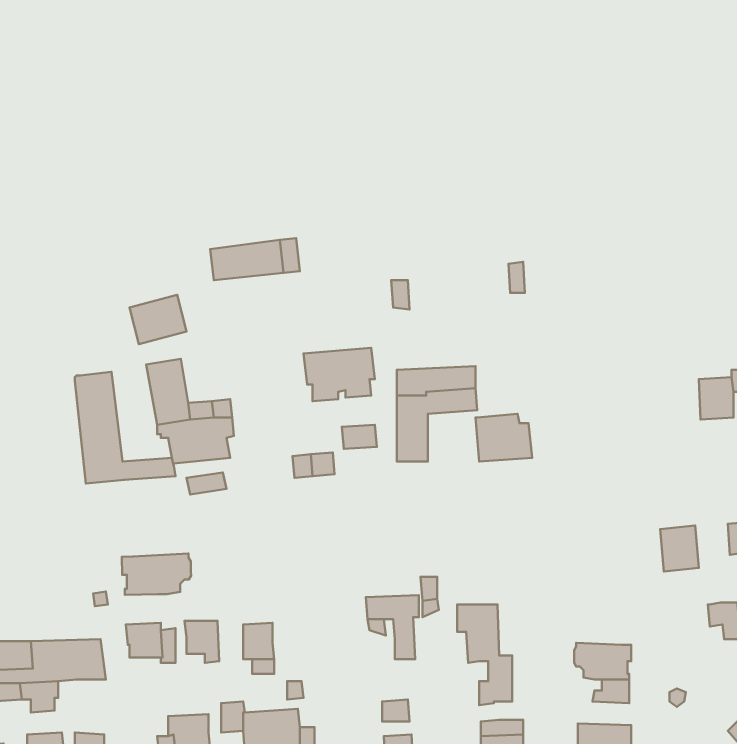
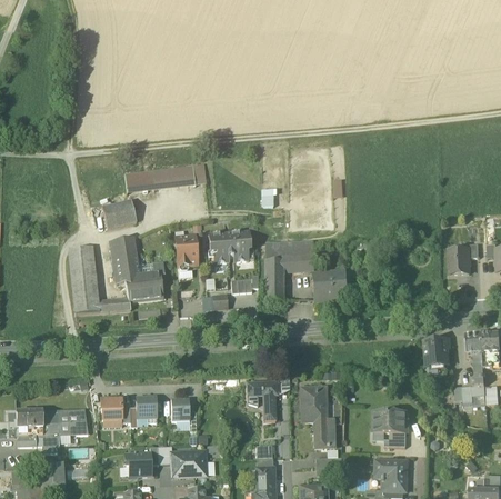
building: none -> [124,171,153,193]
building: none -> [174,236,197,271]
building: [122,553,191,595] -> none

